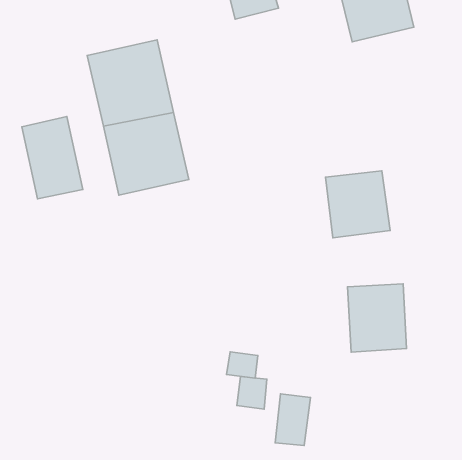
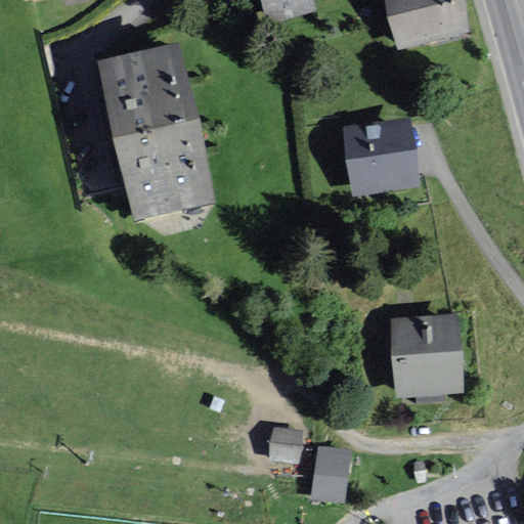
building: [22,117,83,199] -> none
building: [326,171,390,238] -> [345,118,418,193]
building: [226,352,258,378] -> none

